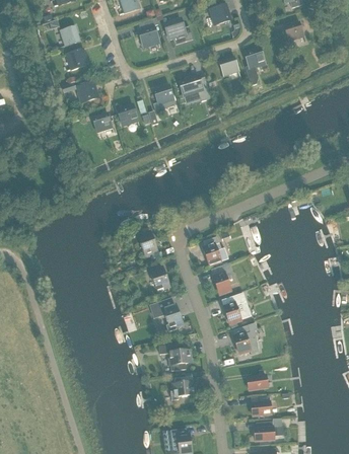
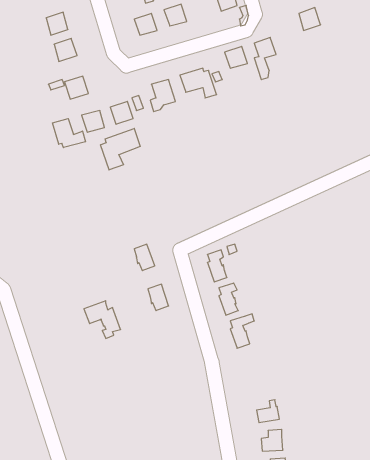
building: none -> [52,119,86,148]
building: none -> [101,128,140,170]
building: [149,298,182,331] -> [84,301,121,338]
building: [233,322,258,353] -> none
building: [158,345,190,371] -> none
building: [170,375,194,399] -> none

